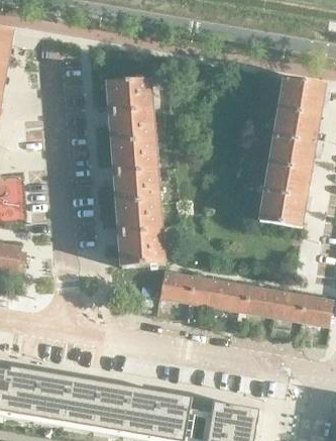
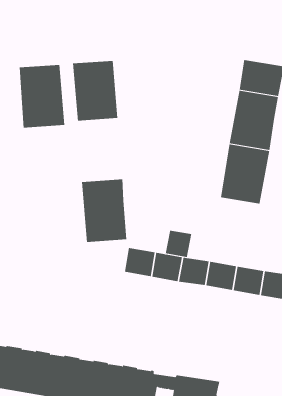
building: [112,137,159,203] -> [19,64,65,128]
building: none -> [165,230,192,258]

